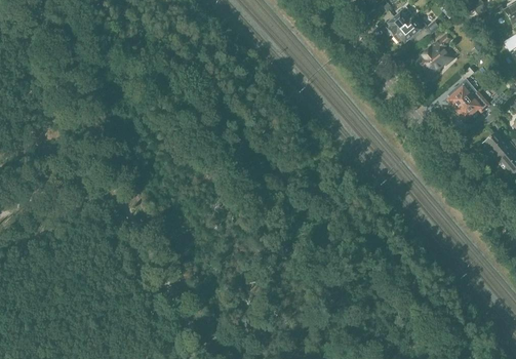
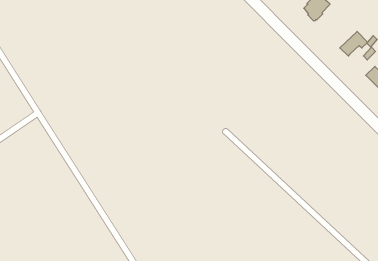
building: [447,78,477,109] -> none

